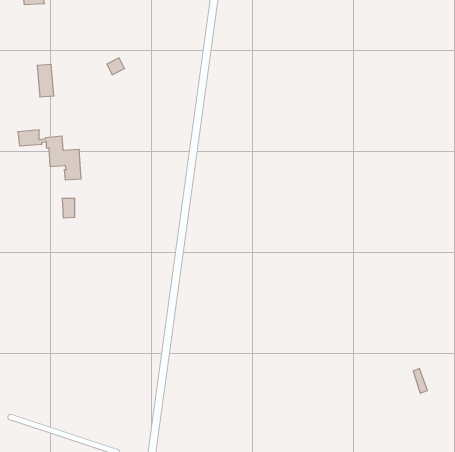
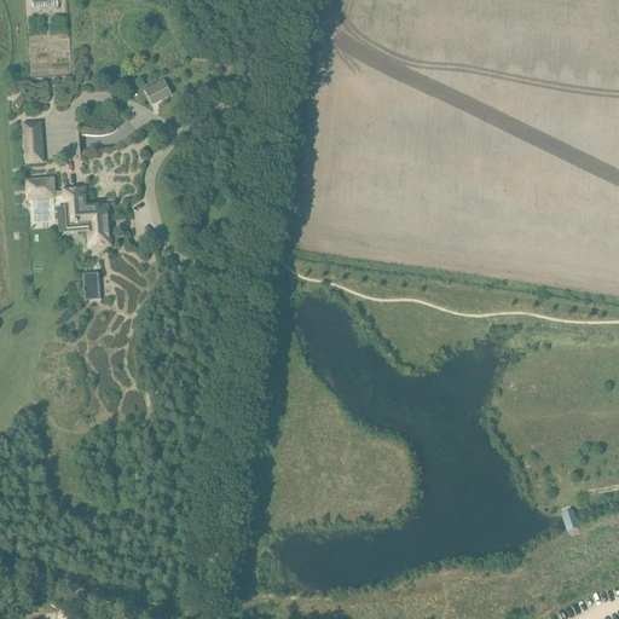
building: [37,65,54,97] -> [22,118,45,162]

